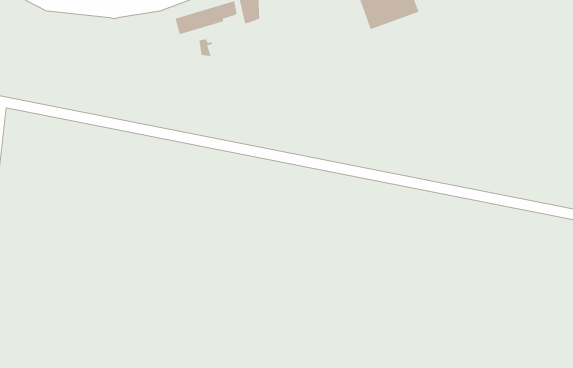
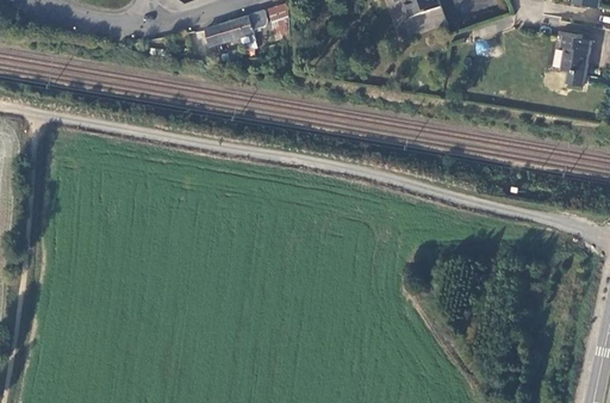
building: none -> [560,36,590,87]

